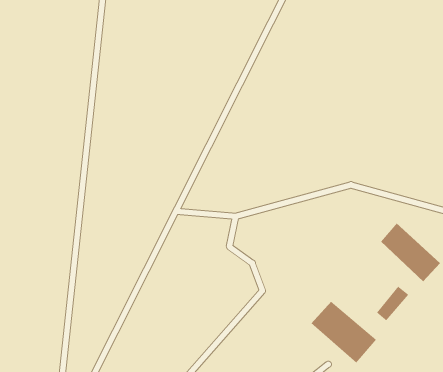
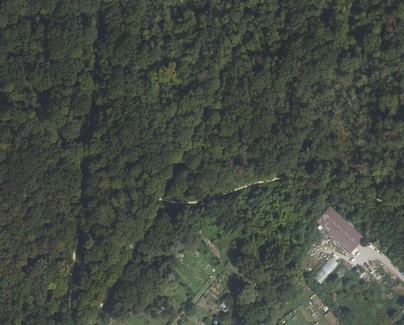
building: [311,301,377,363] -> none

